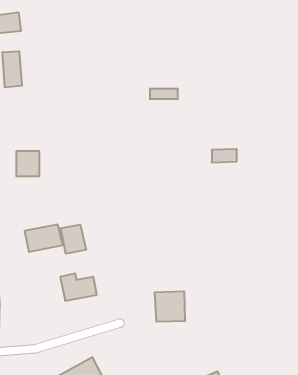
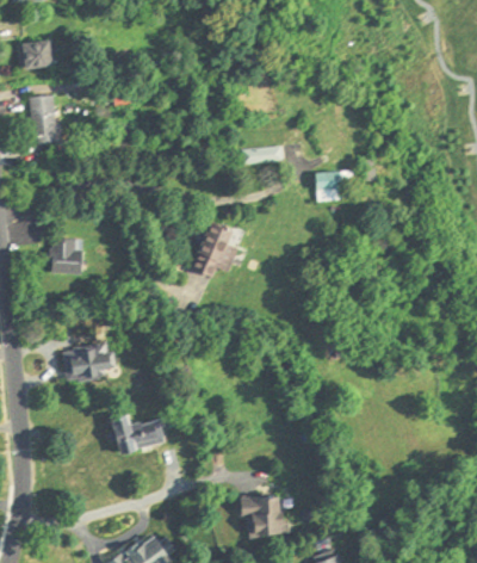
building: none -> [193,218,238,276]
building: [212,149,237,162] -> [314,171,349,190]
building: [61,224,86,254] -> none
building: [155,292,185,322] -> [243,495,287,538]

